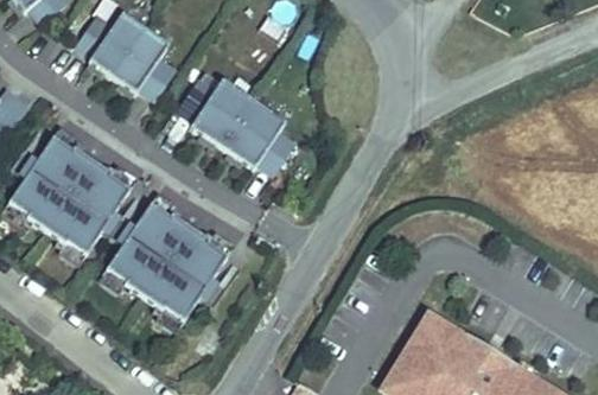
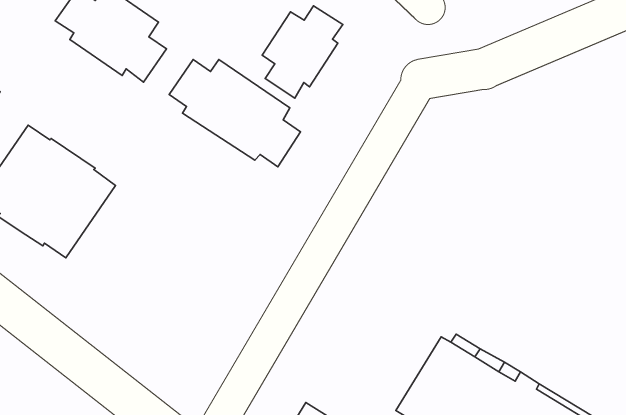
building: none -> [262,6,343,98]
building: [108,200,229,318] -> none

